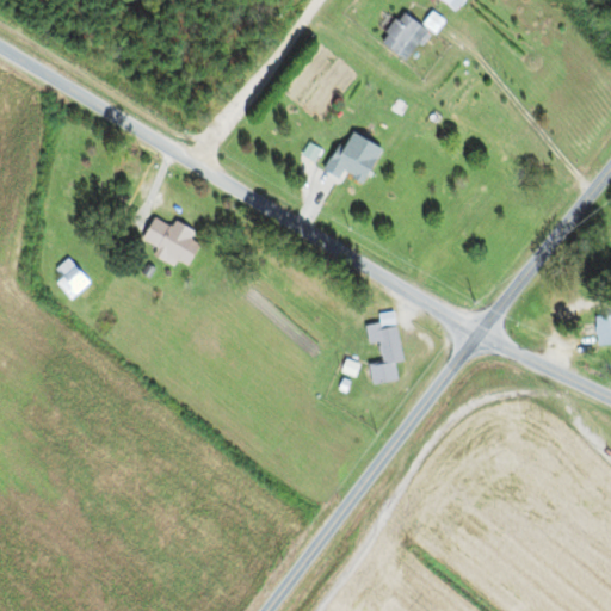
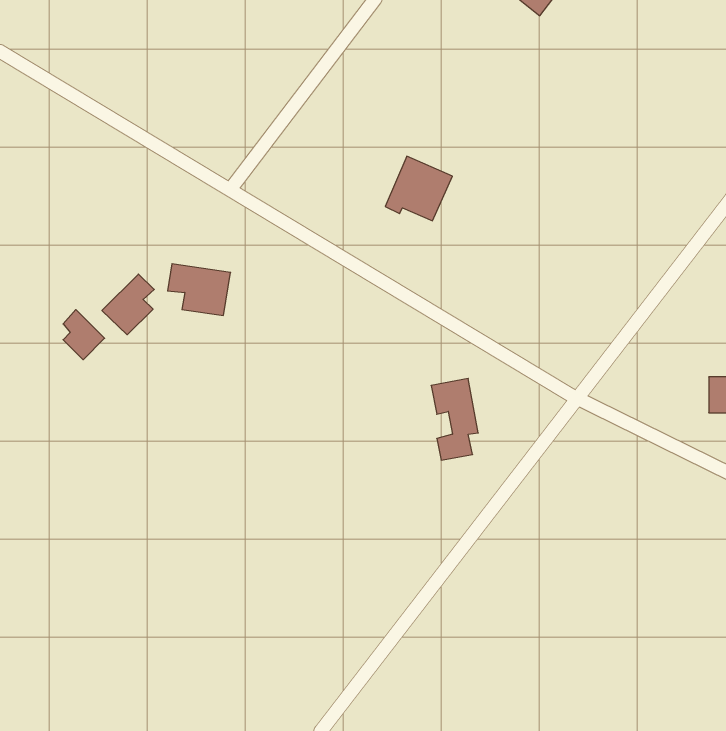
building: [381,13,443,62] -> none
building: none -> [102,274,154,335]

